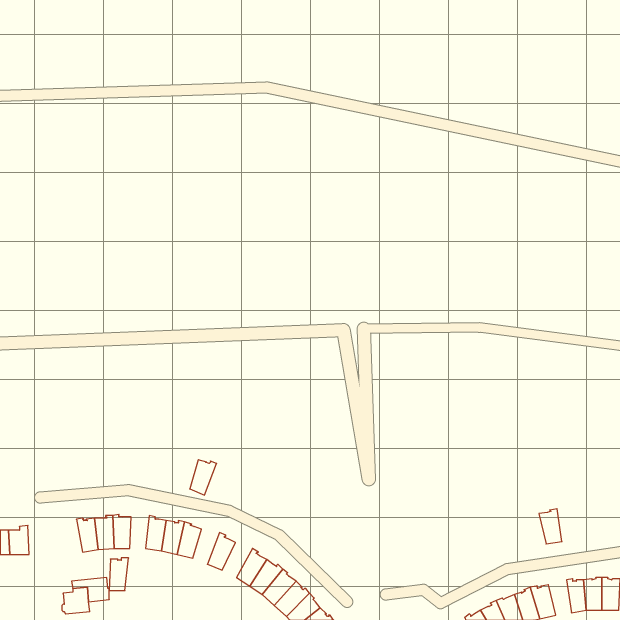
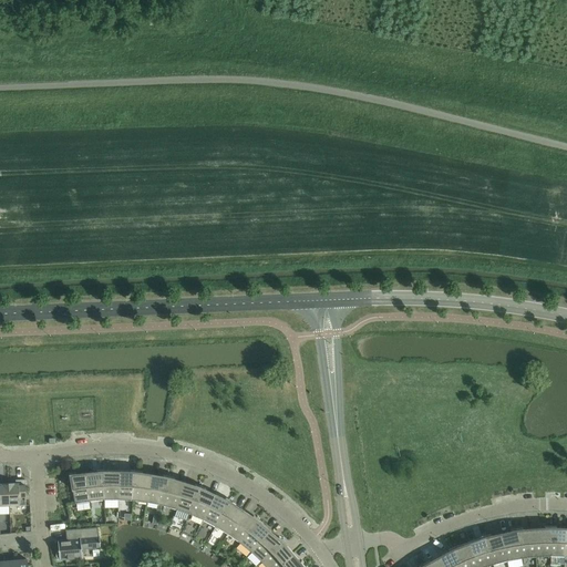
building: [190,460,217,495] -> [176,483,200,515]
building: [539,509,562,544] -> [501,529,522,561]
building: none -> [203,495,230,527]
building: [109,558,129,591] -> [118,471,136,501]

